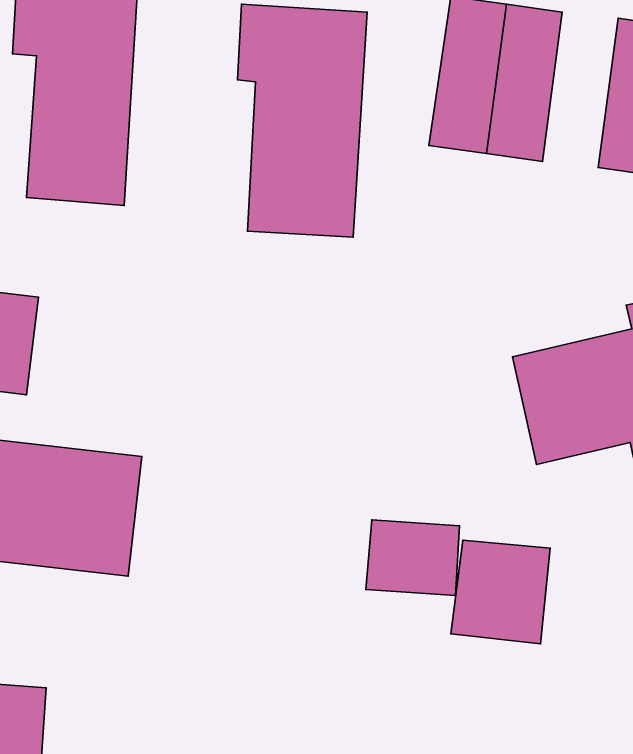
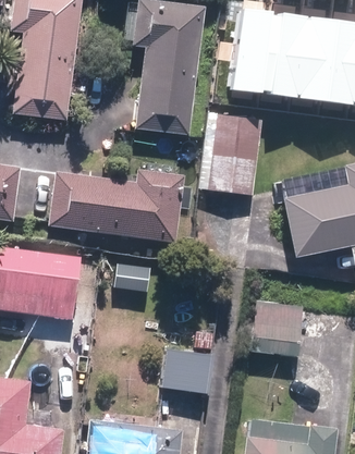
building: none -> [298,11,340,96]
building: none -> [213,110,266,193]
building: none -> [46,171,179,241]
building: [366,520,460,596] -> [161,353,212,394]

